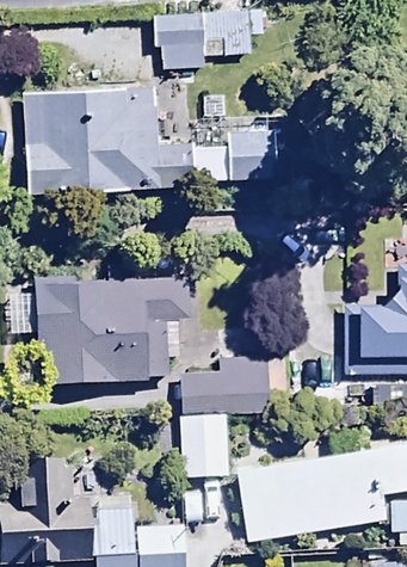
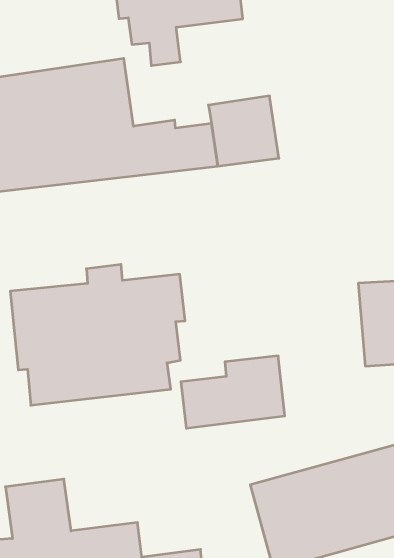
building: [179,415,229,479] -> none

